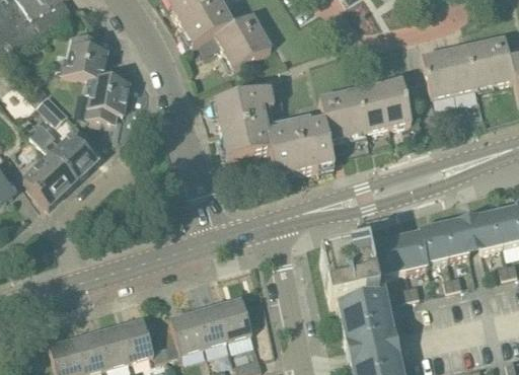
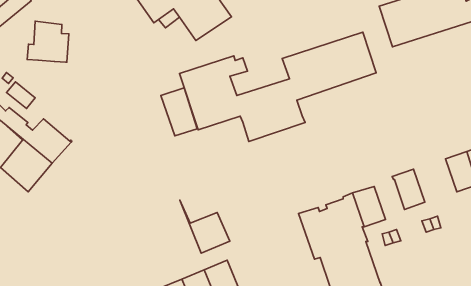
building: [88,76,130,120] -> none
building: none -> [161,88,197,136]
building: [441,218,470,257] -> none
building: none -> [180,200,230,253]
building: [399,231,429,271] -> none

